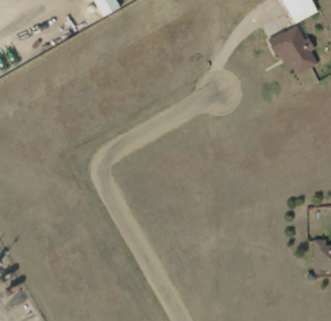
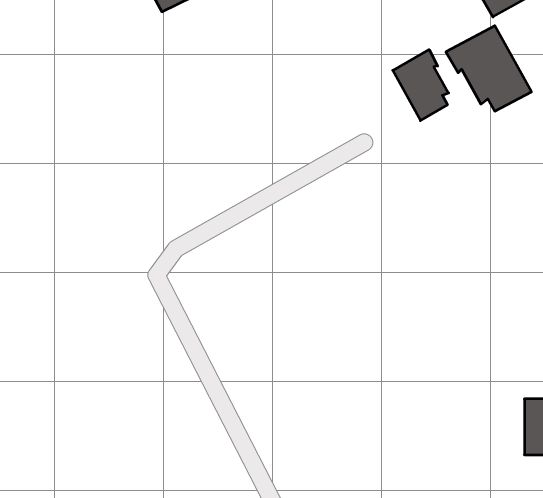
building: none -> [393,50,449,121]

